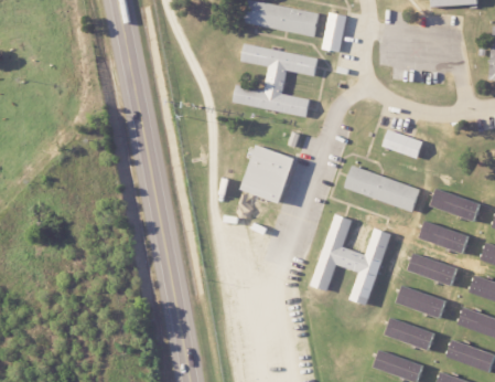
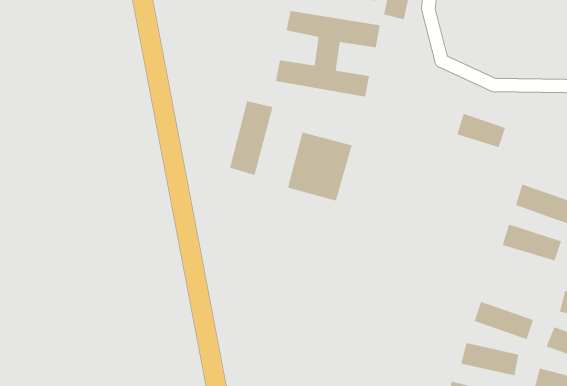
building: none -> [229,100,273,176]
building: [344,165,421,212] -> none
building: [311,213,389,305] -> none
building: [407,252,458,285] -> none

